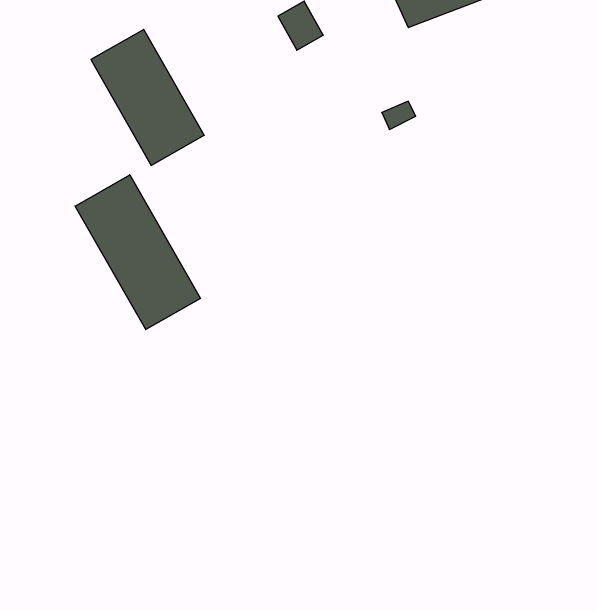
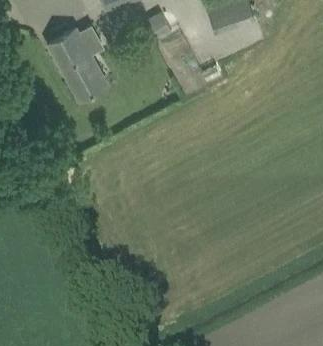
building: [75,175,200,330] -> none

